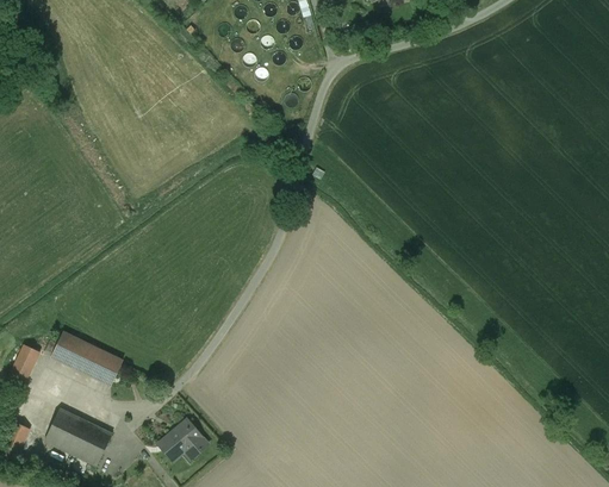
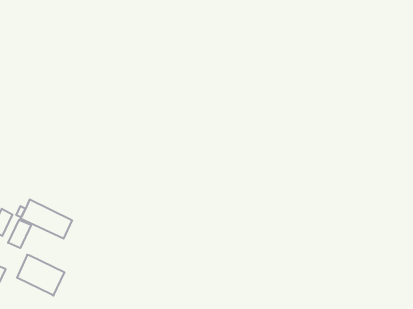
building: none -> [8,220,31,248]
building: [159,418,210,460] -> none

